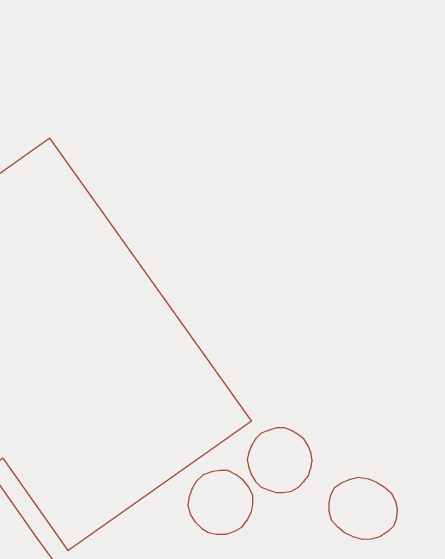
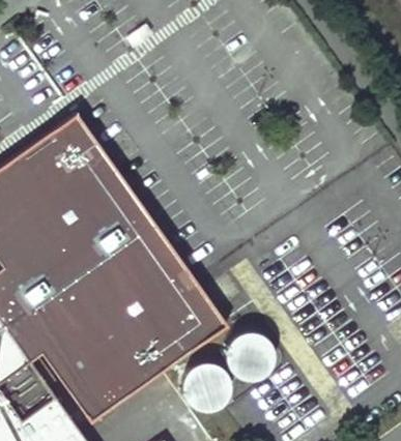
building: [329,477,397,539] -> none

